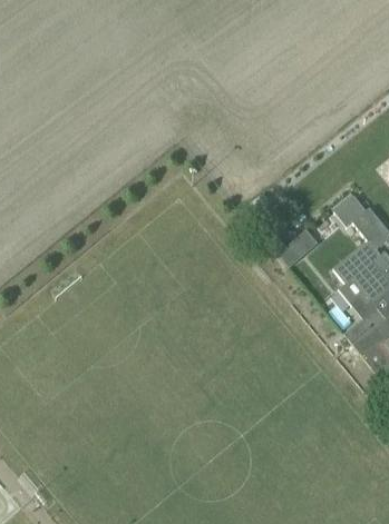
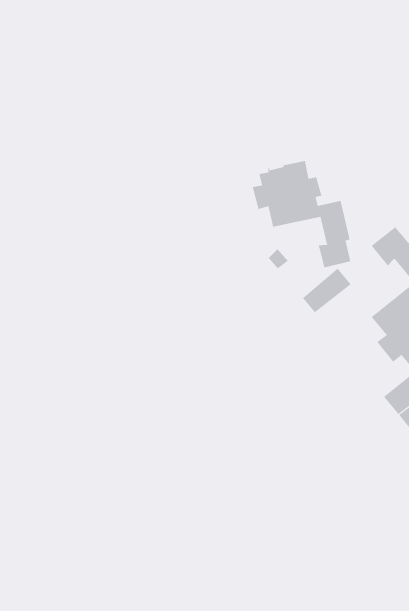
building: none -> [252,160,351,268]

